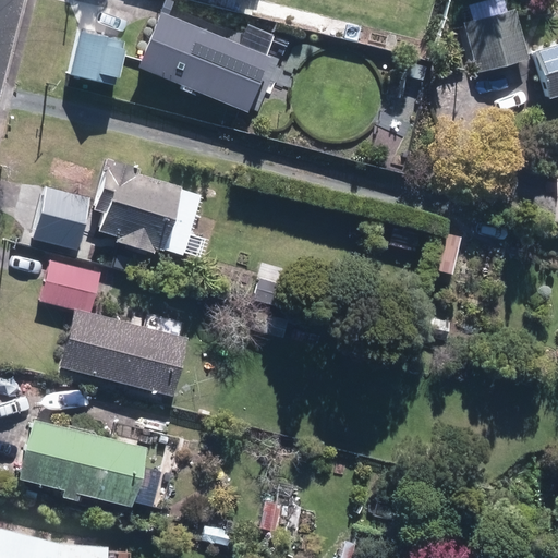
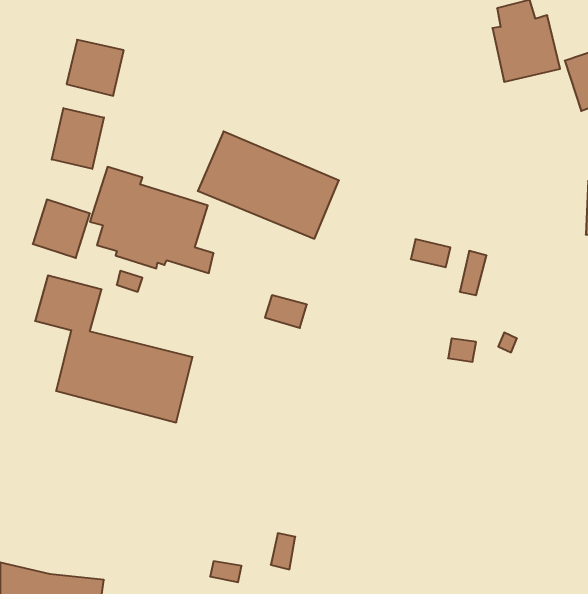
building: [137,20,269,120] -> [198,131,339,239]
building: none -> [52,108,104,169]
building: [14,415,158,505] -> none

